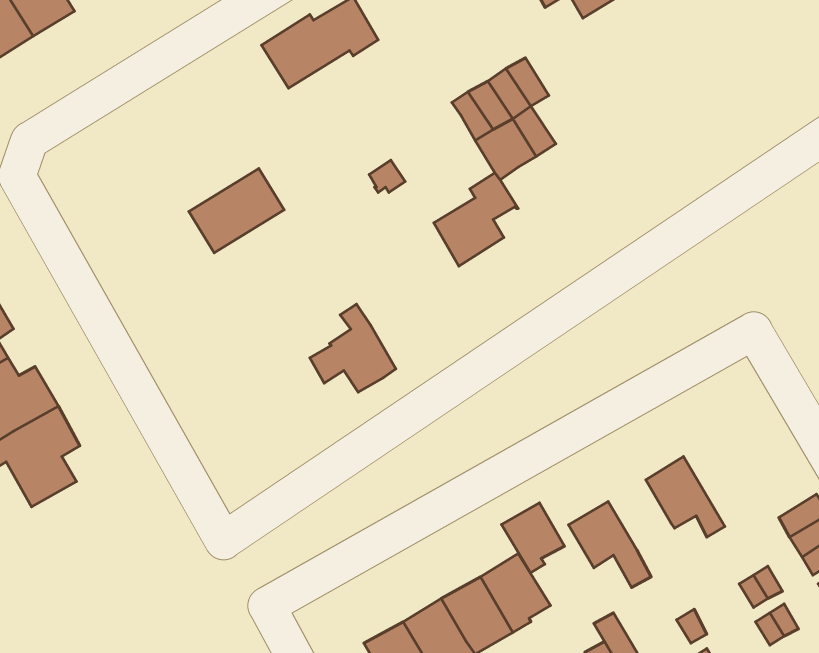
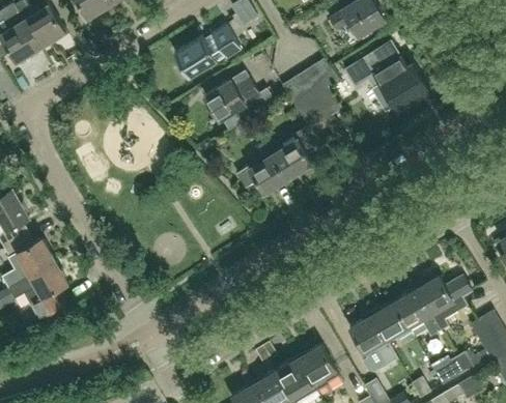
building: none -> [344,39,430,112]
building: [189,168,284,253] -> [204,71,259,120]
building: [310,304,396,392] -> [237,142,287,193]
building: none -> [417,277,472,329]
building: [502,503,565,573] -> [373,303,410,343]

